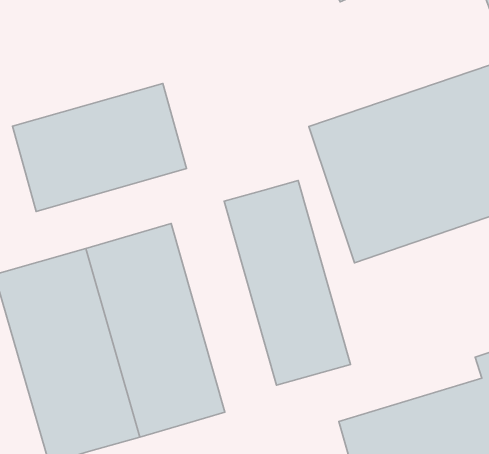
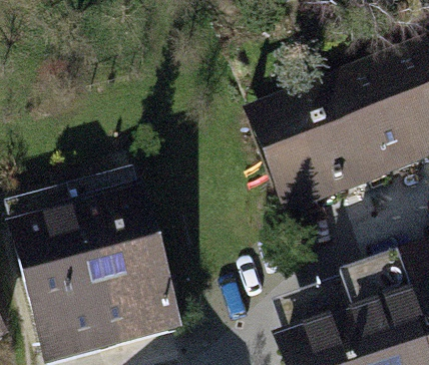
building: [12,83,187,211] -> none
building: [224,181,351,385] -> none

